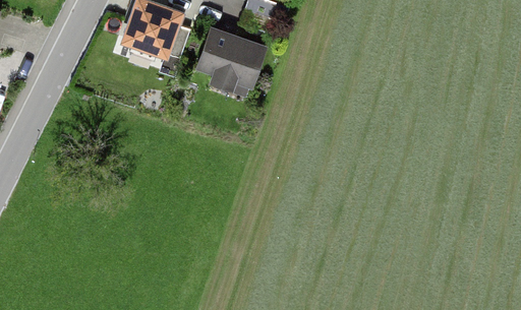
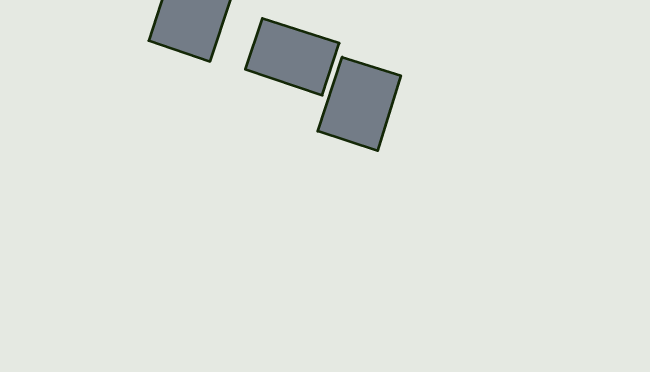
building: none -> [318,57,401,151]

